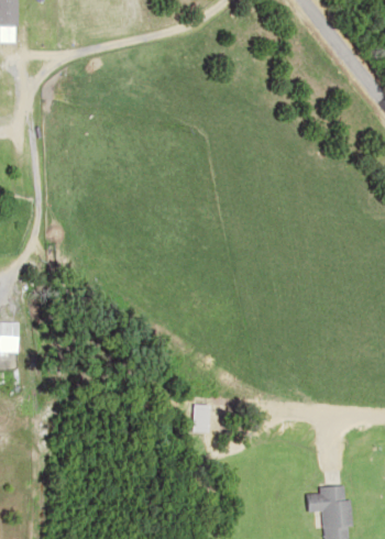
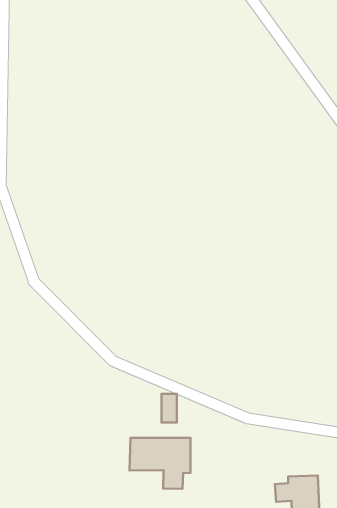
building: none -> [129,438,191,489]

